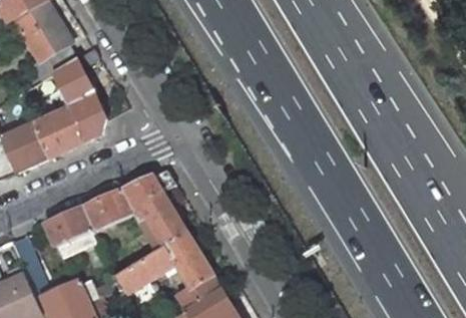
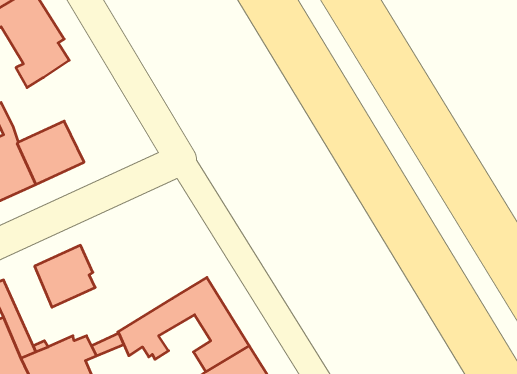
building: [54,48,106,139] -> none
building: [84,170,186,250] -> none

